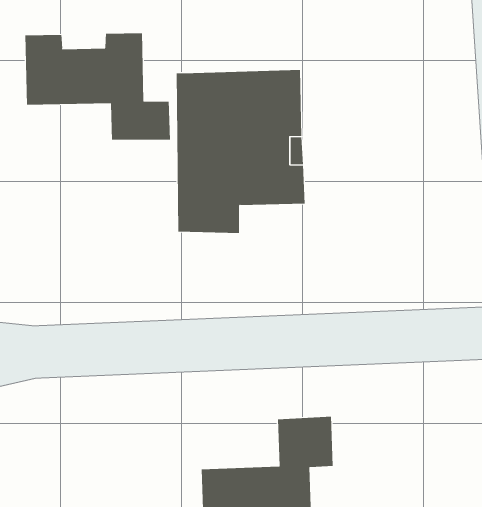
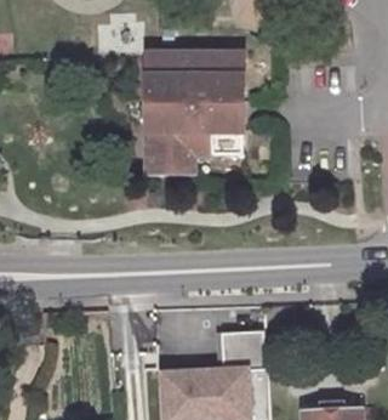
building: [25,32,170,141] -> none

